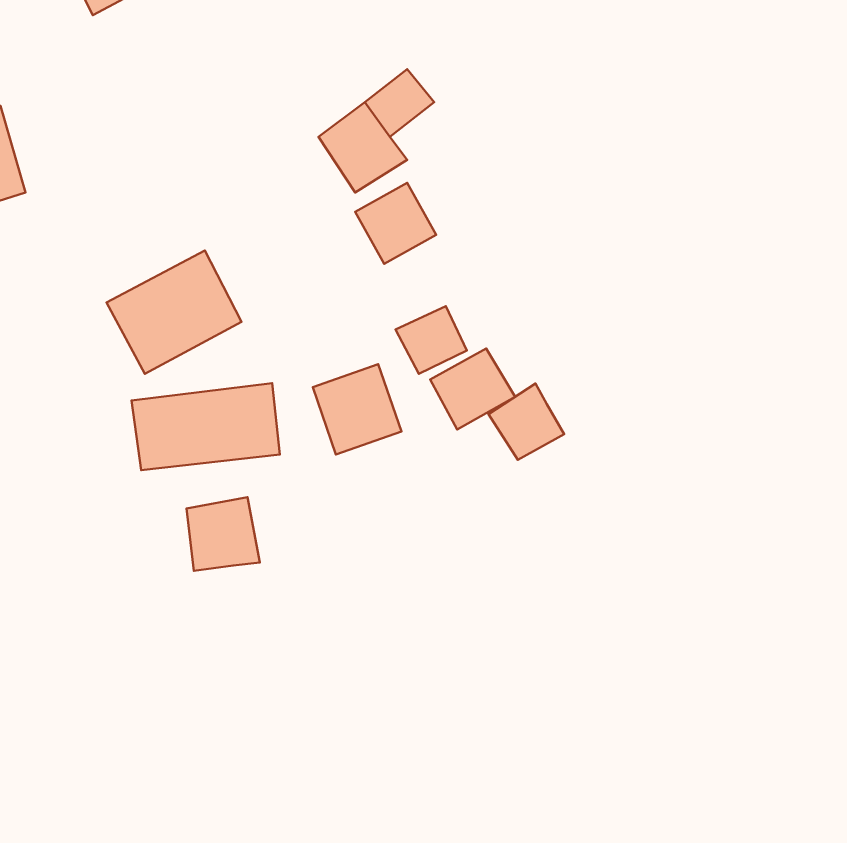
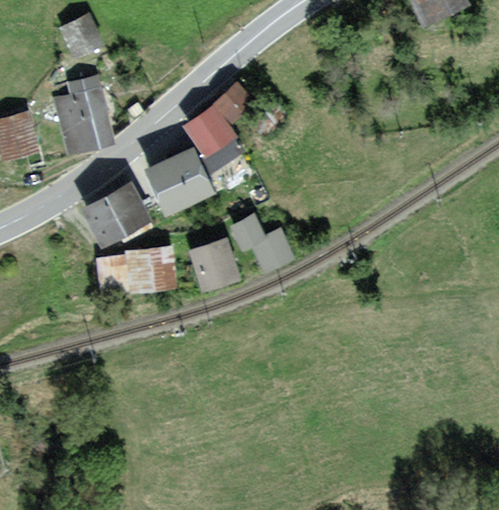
building: none -> [53,83,117,155]
building: none -> [148,144,215,212]
building: [488,384,564,460] -> none
building: [187,497,260,571] -> none

